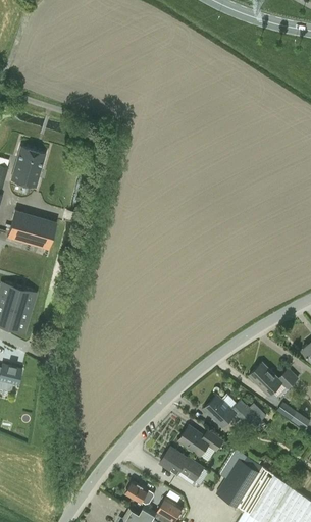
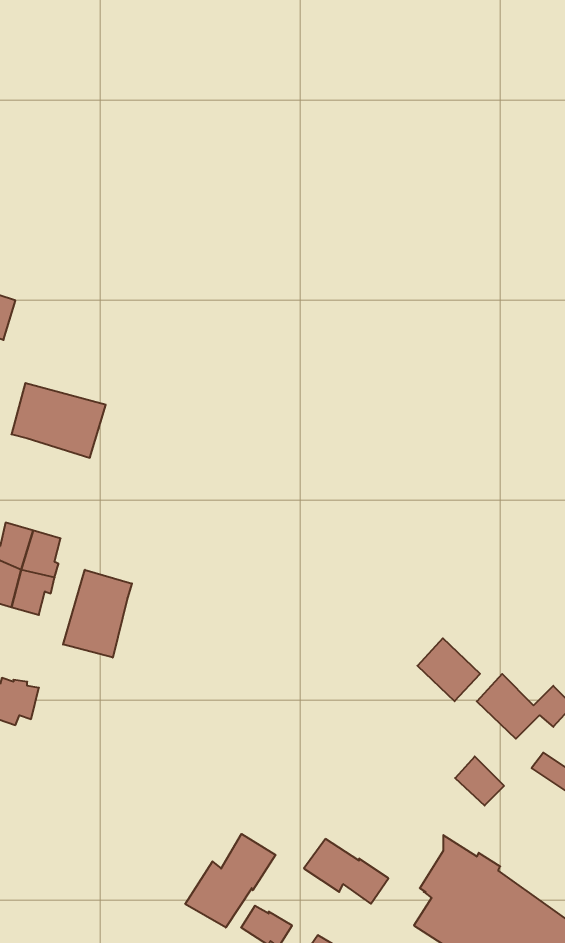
building: [10,147,45,188] -> none
building: none -> [63,570,132,658]
building: [204,396,237,428] -> [417,638,480,701]
building: [178,426,223,457] -> none
building: none -> [185,834,275,928]

